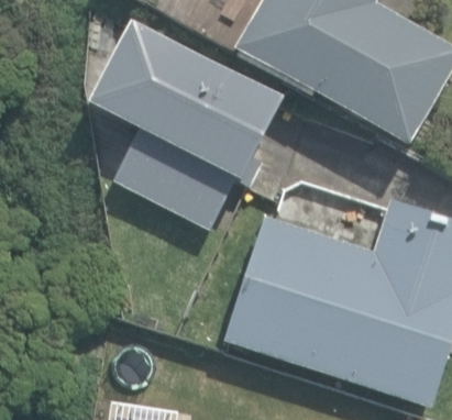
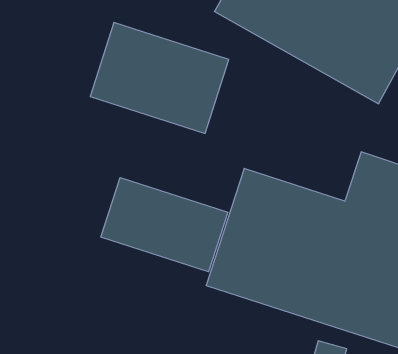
building: none -> [101,178,228,272]

